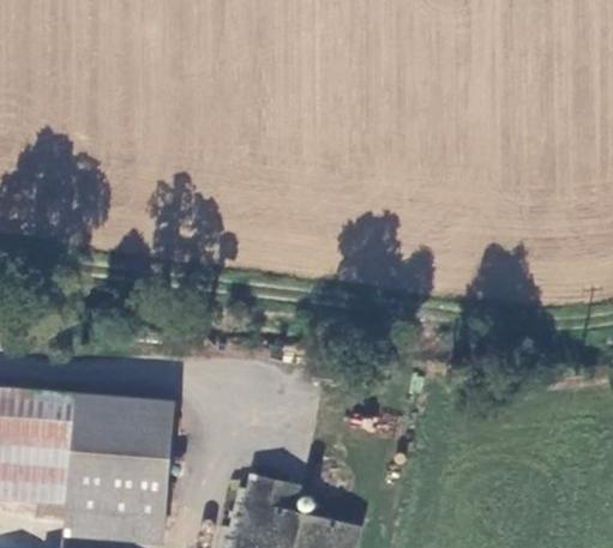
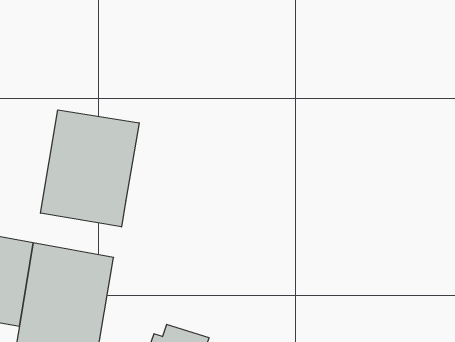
building: none -> [41,110,139,227]

